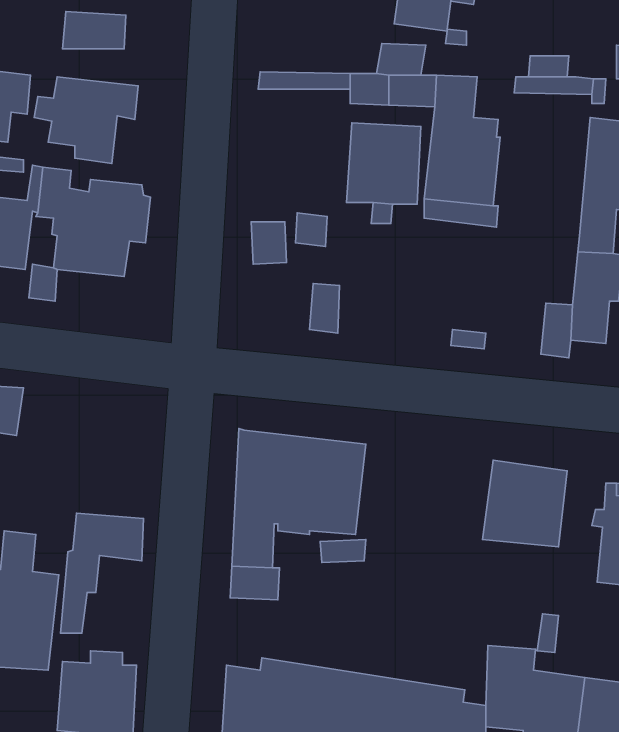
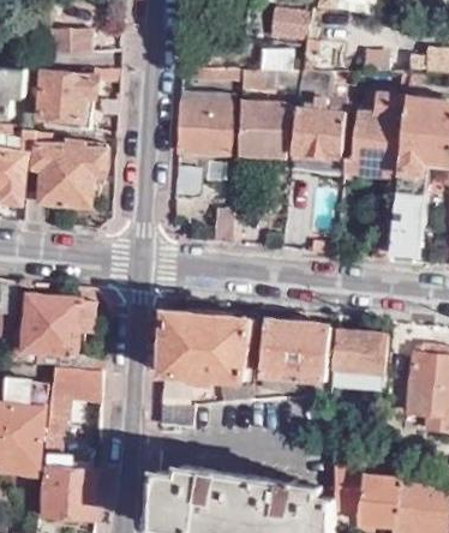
building: none -> [342,91,405,184]
building: none -> [176,101,234,156]
building: none -> [19,297,102,371]
building: none -> [262,323,333,391]

